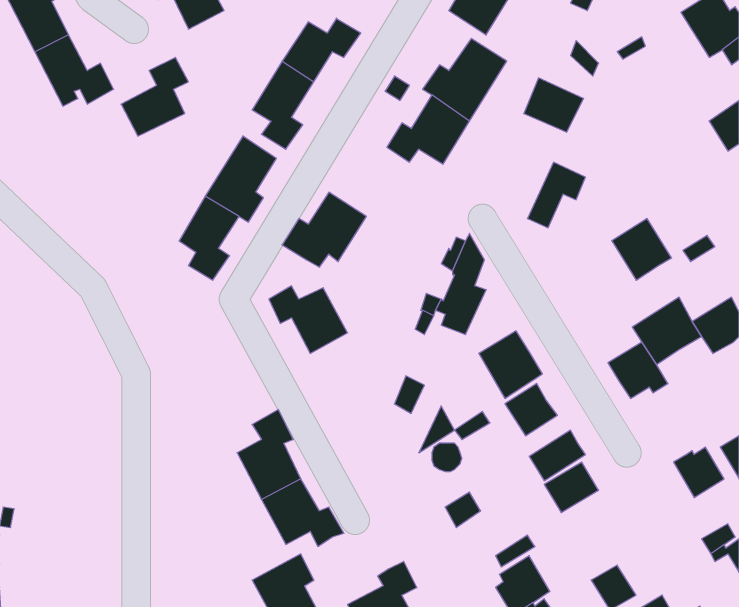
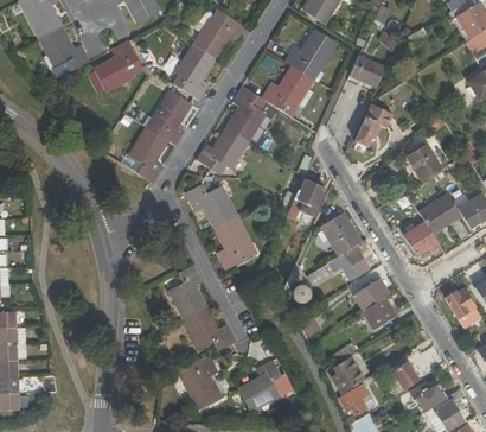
building: none -> [225,85,266,141]
building: none -> [213,215,257,269]

